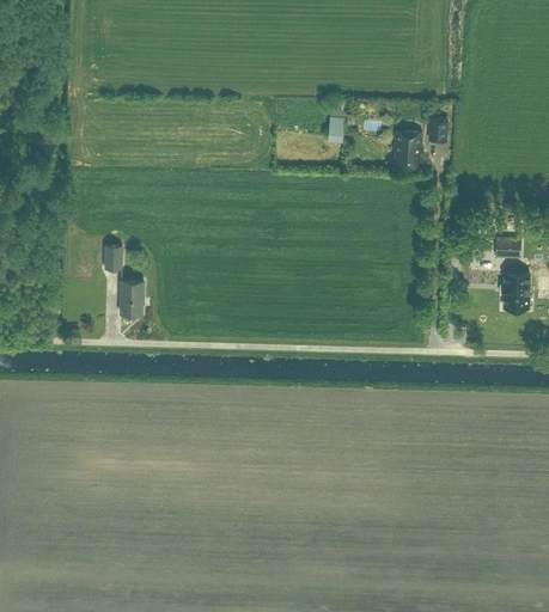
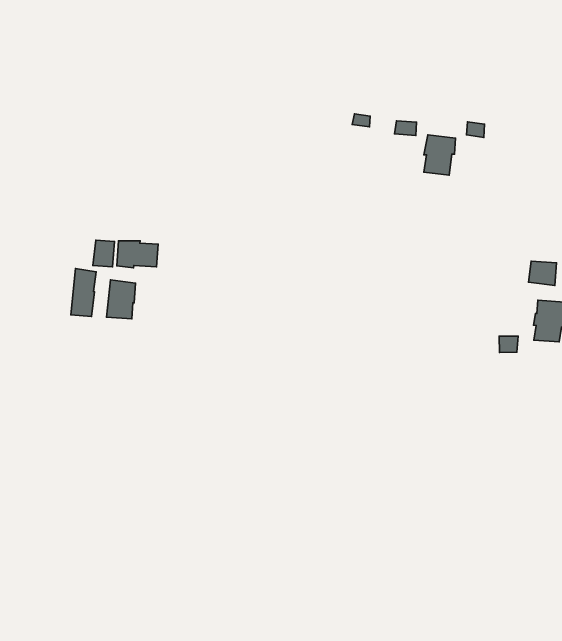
building: none -> [117,241,158,268]
building: none -> [71,269,96,316]

